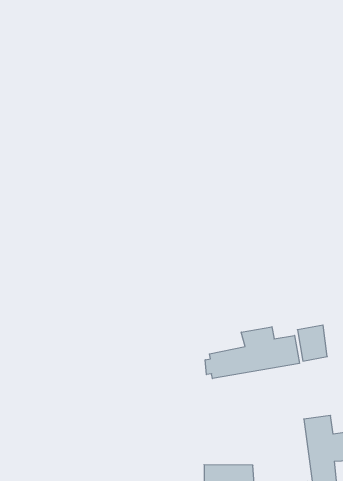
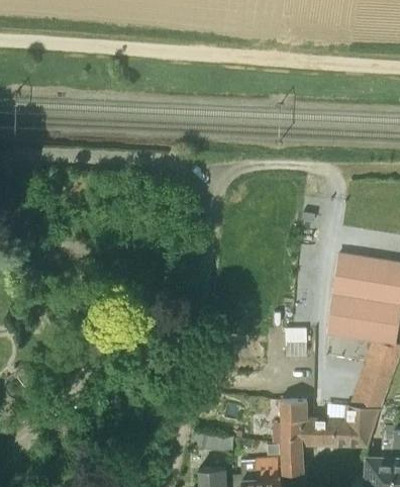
building: [205,327,299,379] -> none

